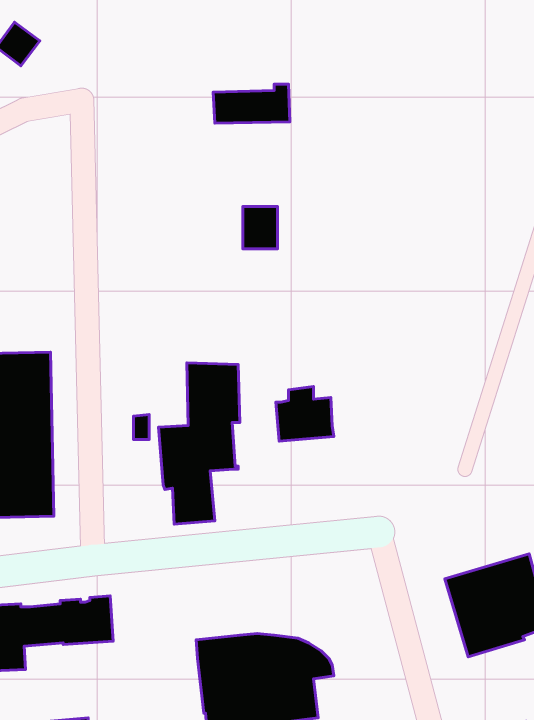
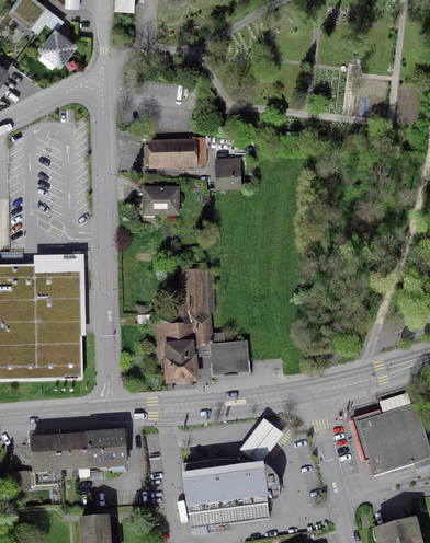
building: [213,84,290,123] -> [150,138,204,165]
building: none -> [143,188,177,215]
building: [276,387,334,441] -> [208,333,249,371]
building: none -> [240,417,283,463]

